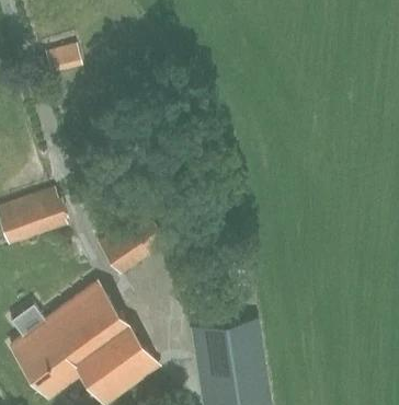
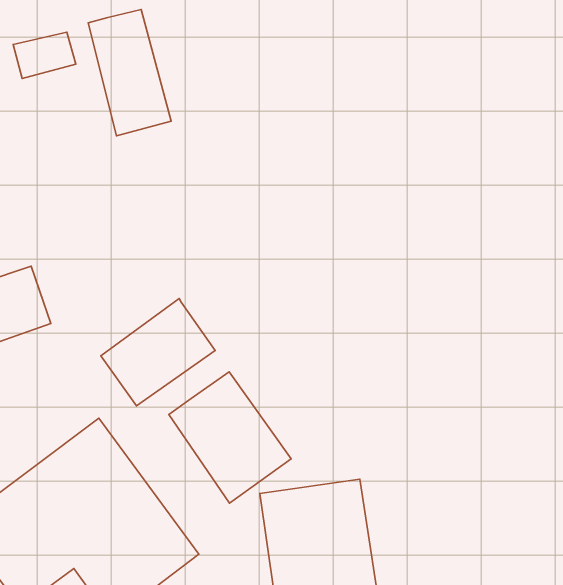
building: none -> [88,9,171,136]
building: none -> [169,372,291,503]

